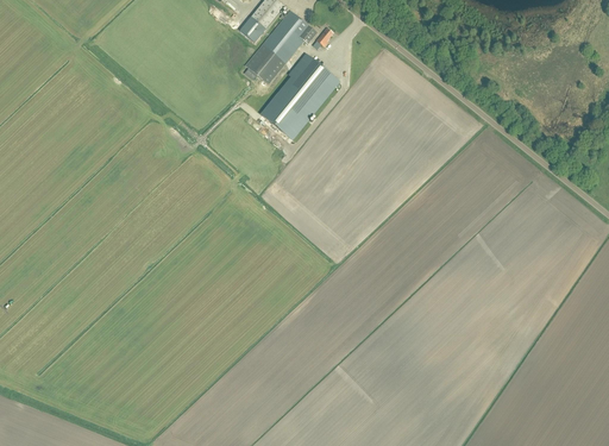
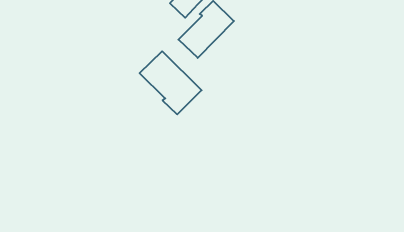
building: none -> [140,51,202,114]

